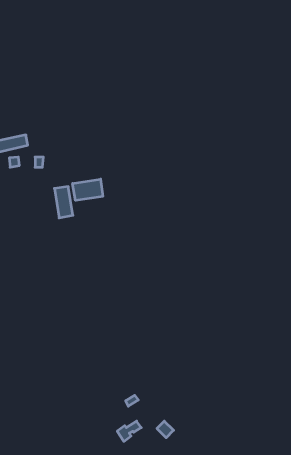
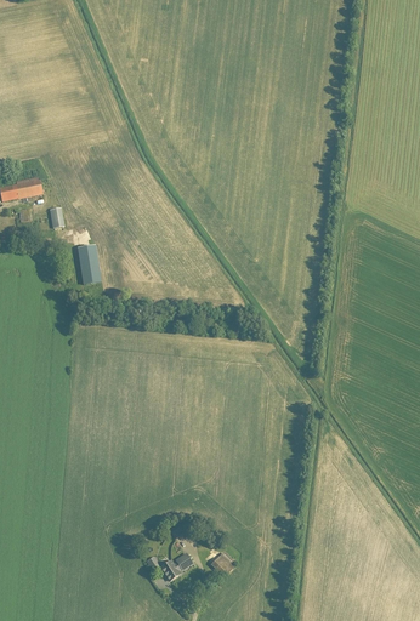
building: [73,179,103,200] -> none

